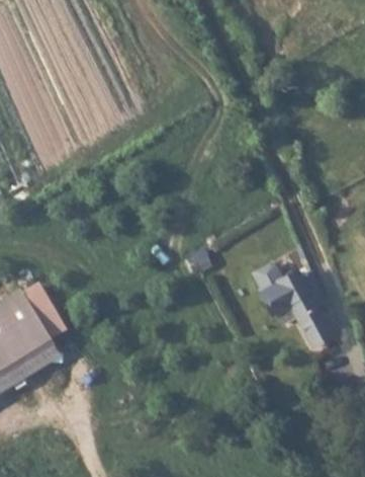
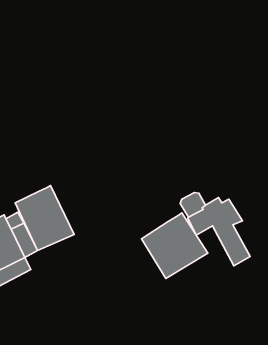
building: none -> [15,186,74,251]
building: none -> [141,213,208,278]

